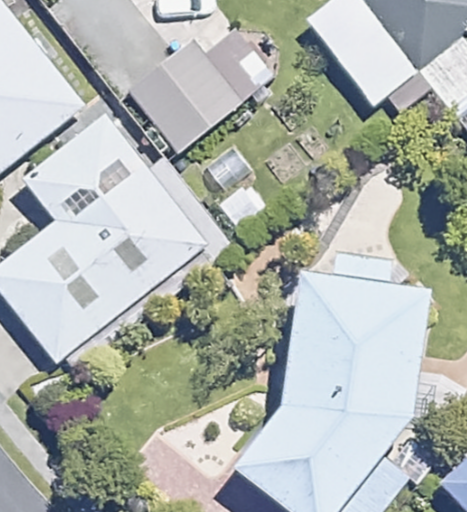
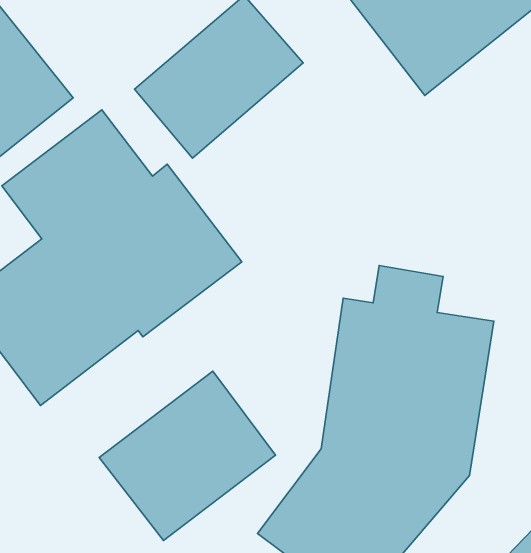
building: none -> [99,371,275,541]

